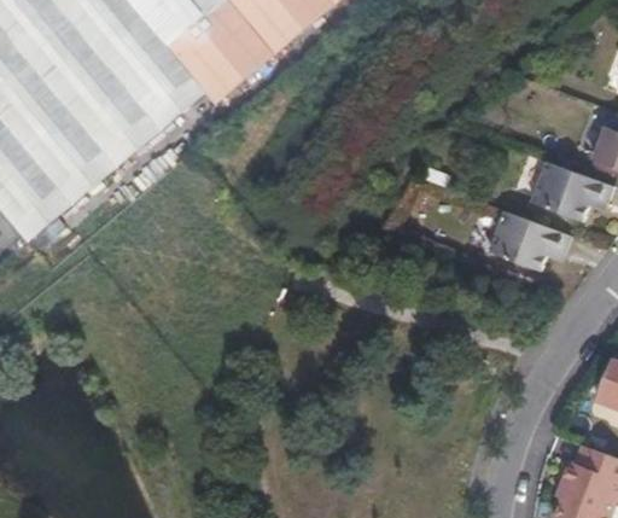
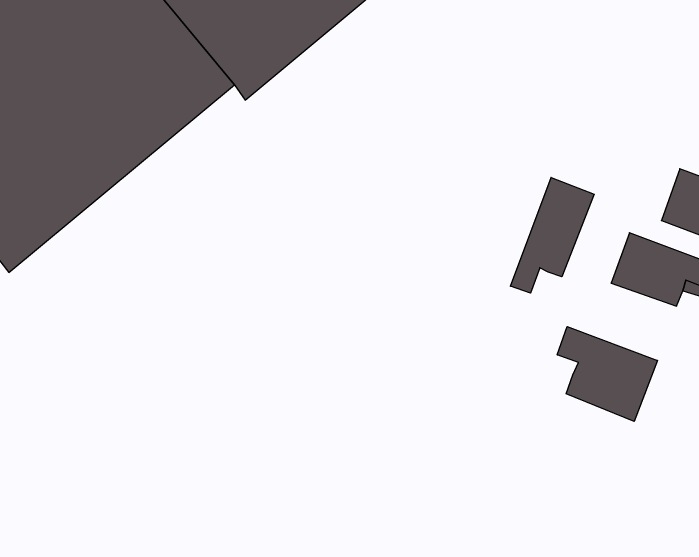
building: none -> [510,177,594,293]
building: none -> [557,327,657,421]

